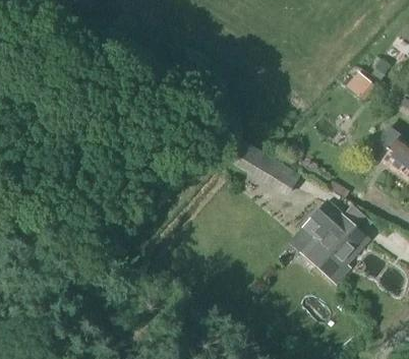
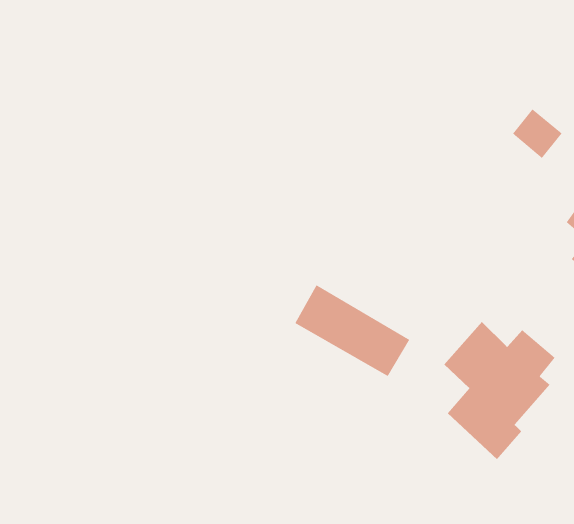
building: [231,140,301,196] -> [295,285,410,377]

